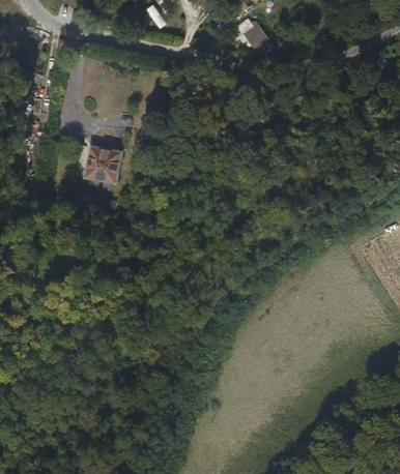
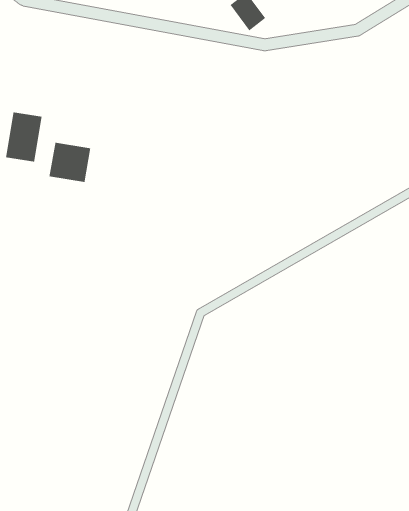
building: none -> [5,112,43,163]

